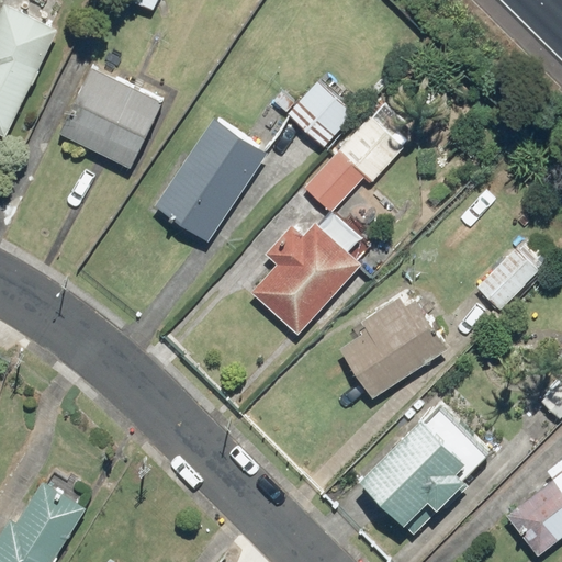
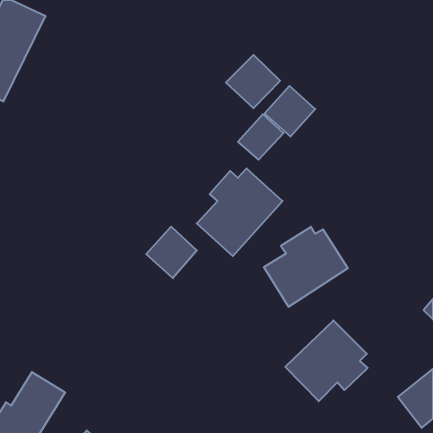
building: [59,67,164,167] -> none
building: [154,121,266,244] -> none
building: [476,250,537,311] -> none
building: none -> [146,227,197,278]

